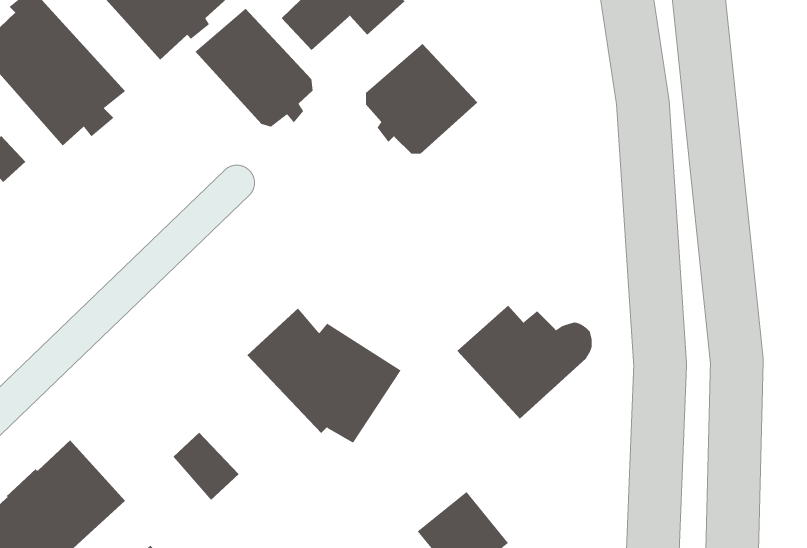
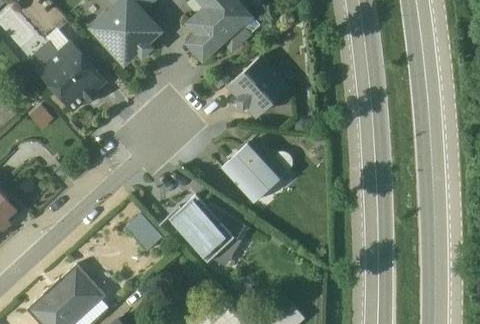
building: [195,8,313,128] -> none
building: [457,305,593,420] -> [221,143,292,203]
building: [173,432,240,501] -> [126,215,161,251]

